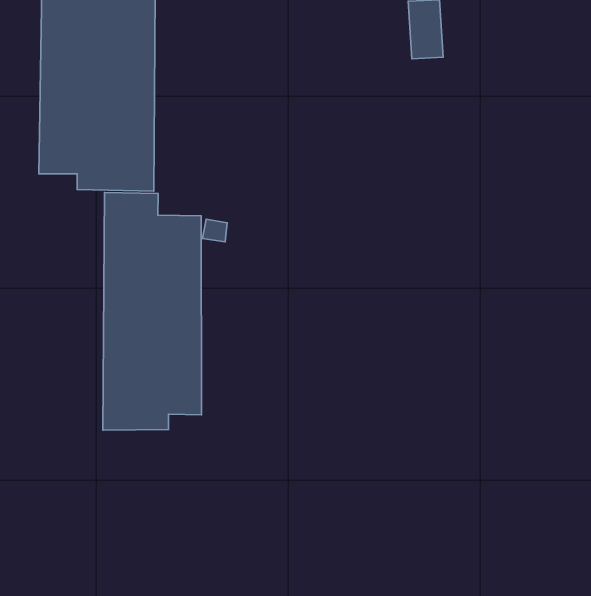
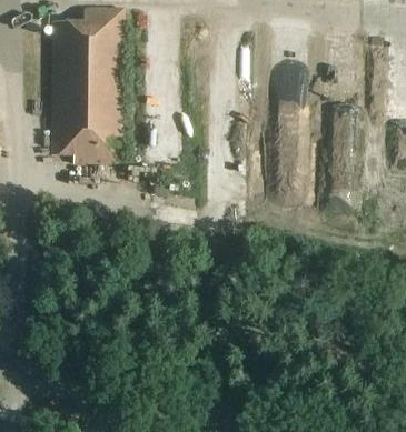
building: [103,193,201,430] -> none

